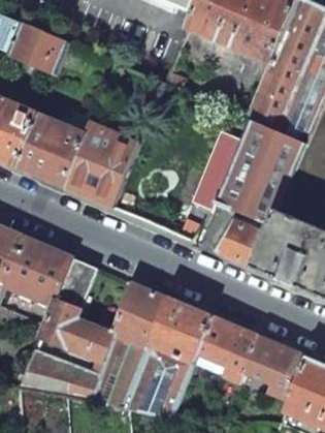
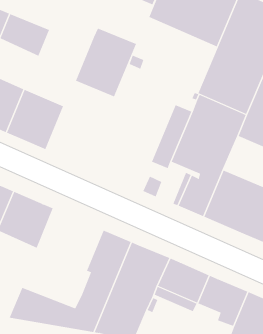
building: [63,122,137,206] -> [75,28,137,97]
building: [40,256,117,362] -> none

